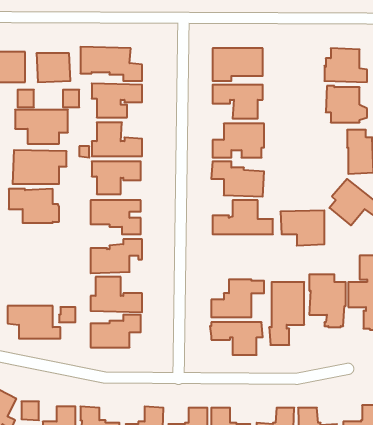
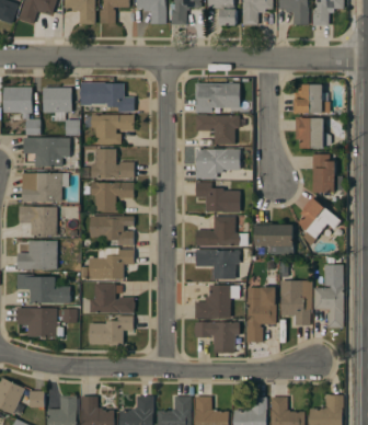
building: none -> [16,240,56,269]
building: none -> [195,250,239,279]
building: none -> [14,274,70,303]

